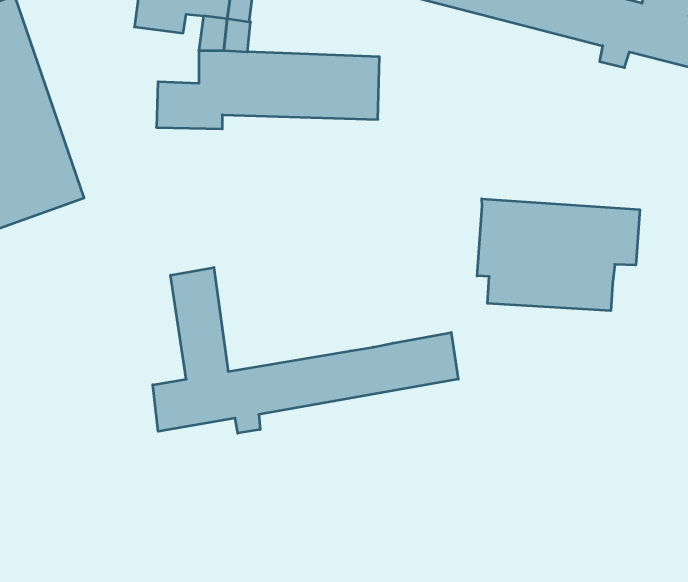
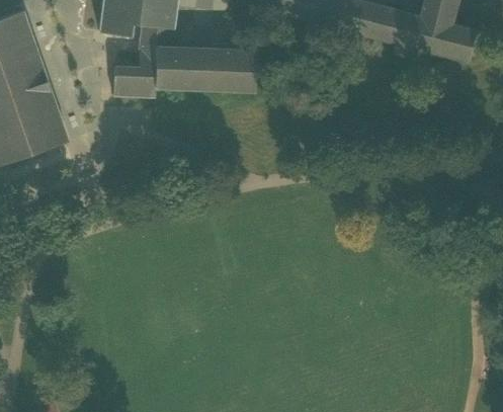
building: [477,199,640,311] -> none
building: [153,267,458,433] -> none

